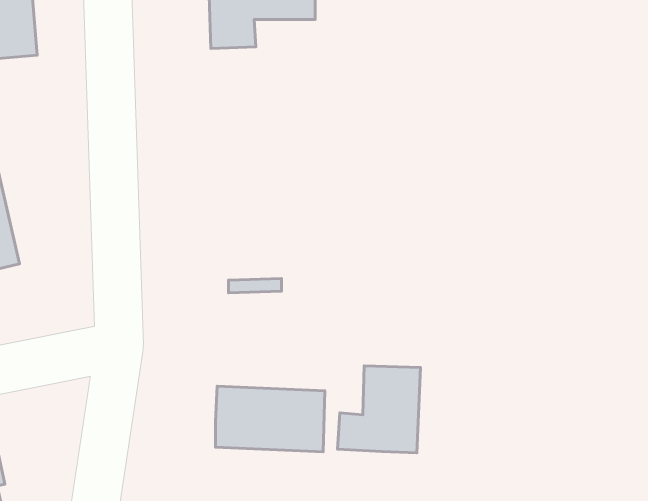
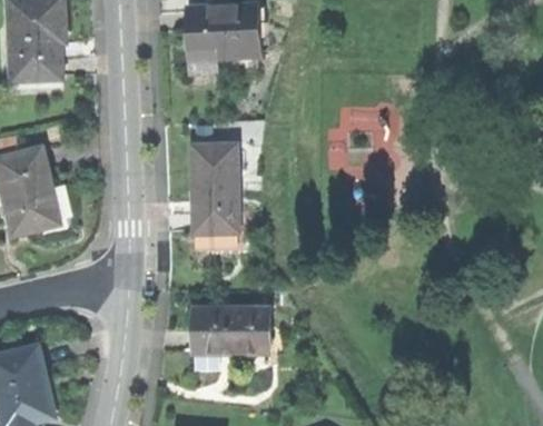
building: none -> [189,145,234,231]
building: [338,366,421,453] -> none

